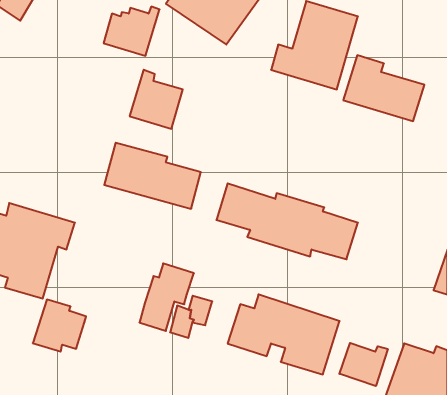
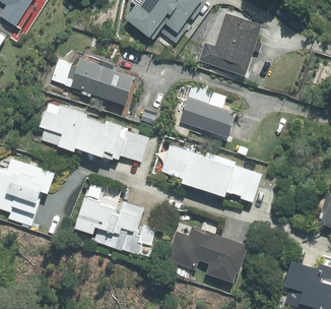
building: [104,7,160,56] -> [64,60,105,96]
building: [343,55,424,121] -> [177,89,236,137]
building: none -> [39,104,86,151]
building: [33,300,86,352] -> [76,195,115,233]
building: [339,343,388,386] -> none

